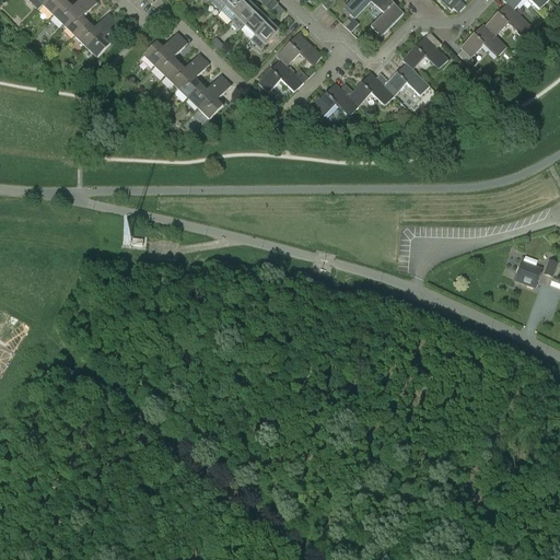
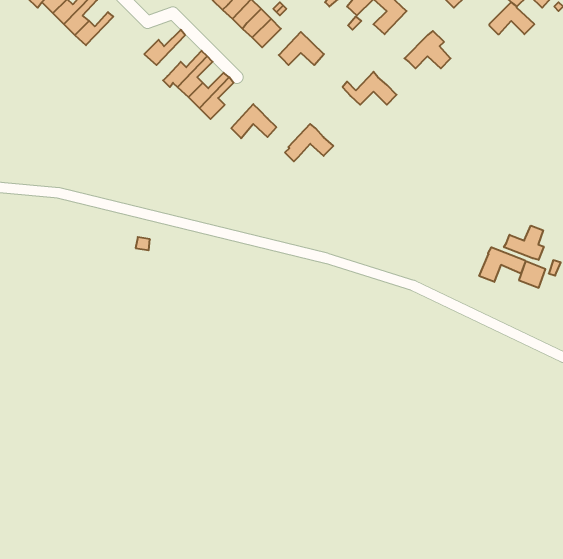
building: [85,16,118,56] -> none
building: [457,22,506,63] -> none
building: [155,35,189,75] -> none
building: [258,58,303,92] -> [231,104,276,138]
building: [375,61,429,94] -> none
building: [310,82,358,119] -> [285,124,333,161]
building: none -> [504,226,544,260]
building: none -> [479,247,526,282]

